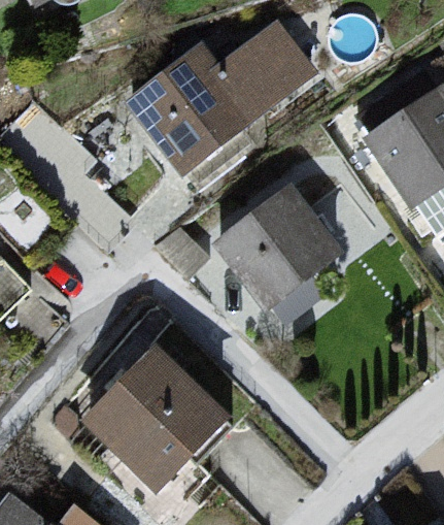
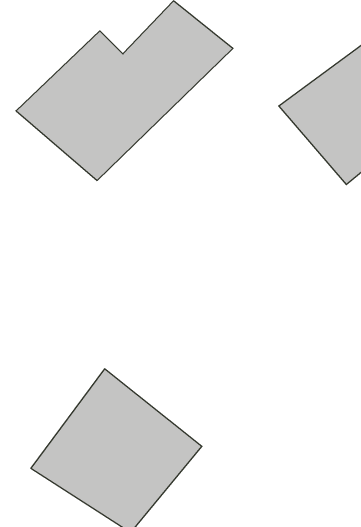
building: [209,186,366,308] -> none

